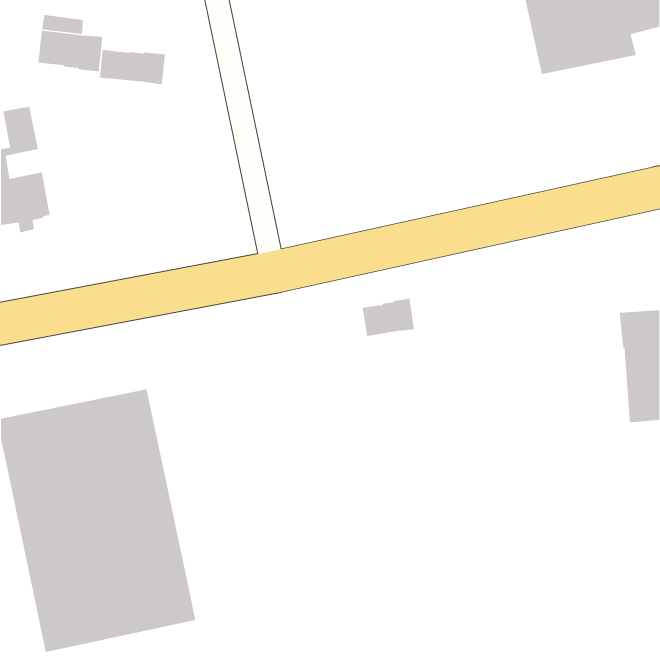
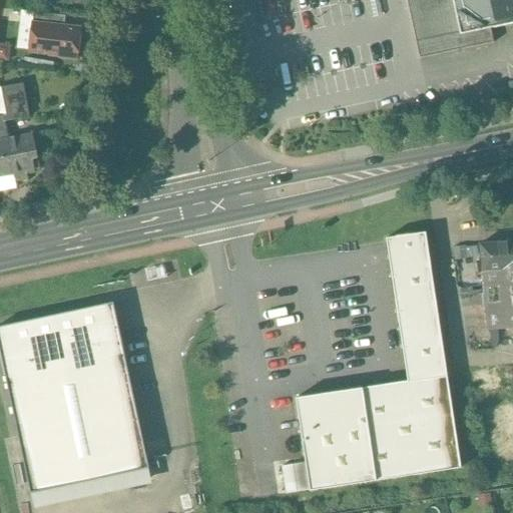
building: [99,49,166,85] -> none
building: [362,298,415,337] -> none
building: none -> [282,231,461,492]

